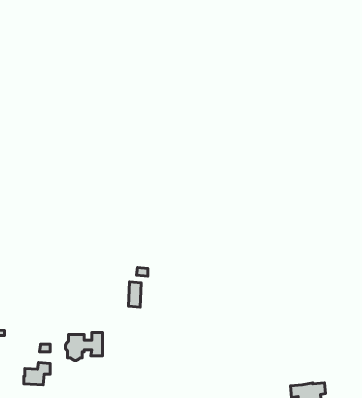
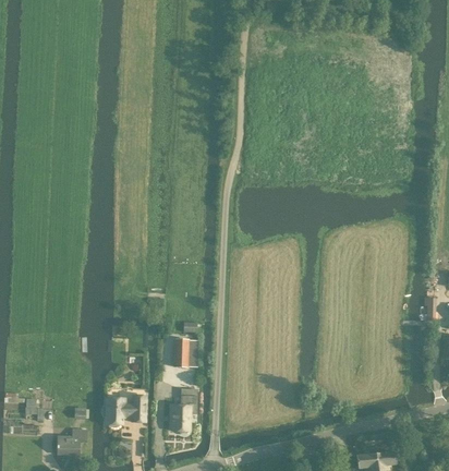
building: none -> [170,388,196,433]

